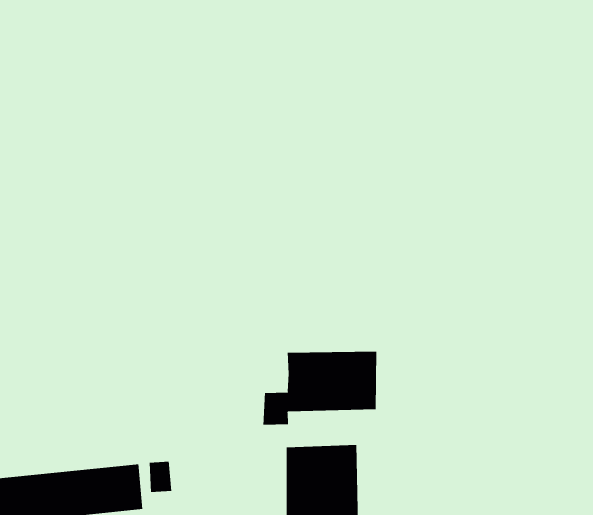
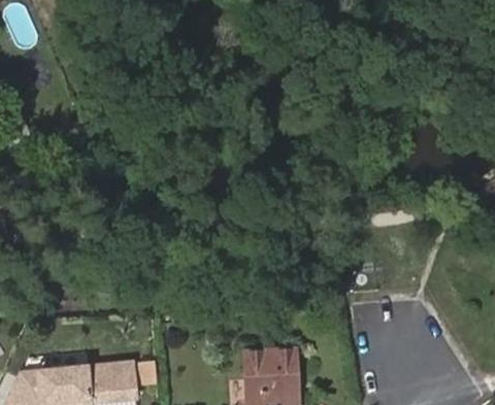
building: [263,351,377,425] -> none

